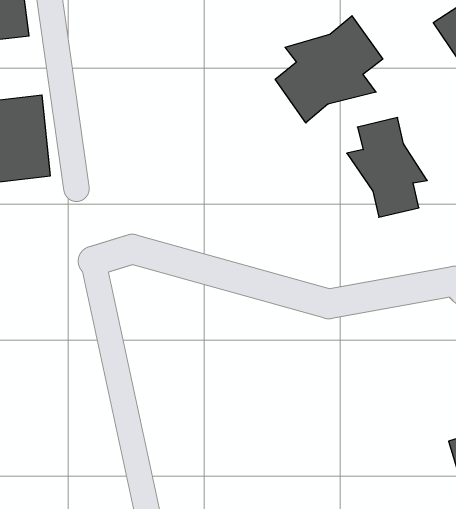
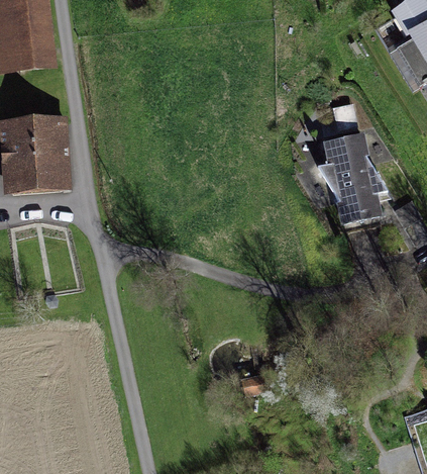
building: [275,16,383,123] -> none

